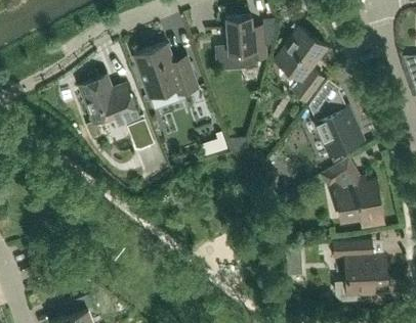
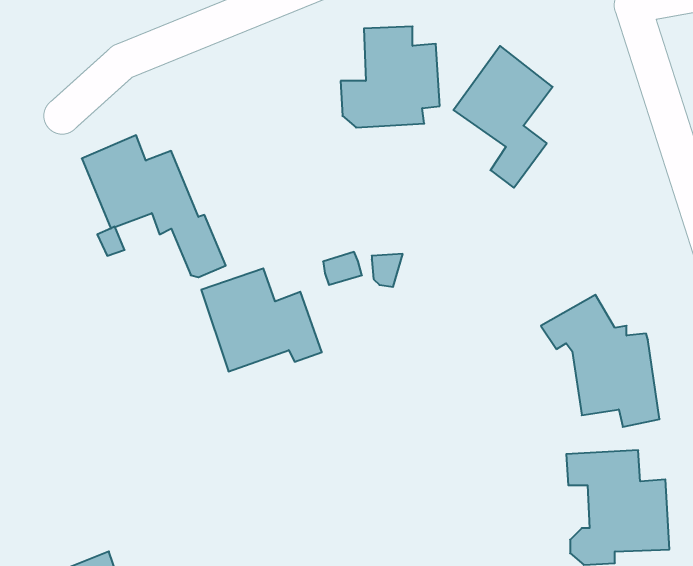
building: [134,44,198,98] -> [201,268,322,371]
building: [308,83,363,156] -> none

